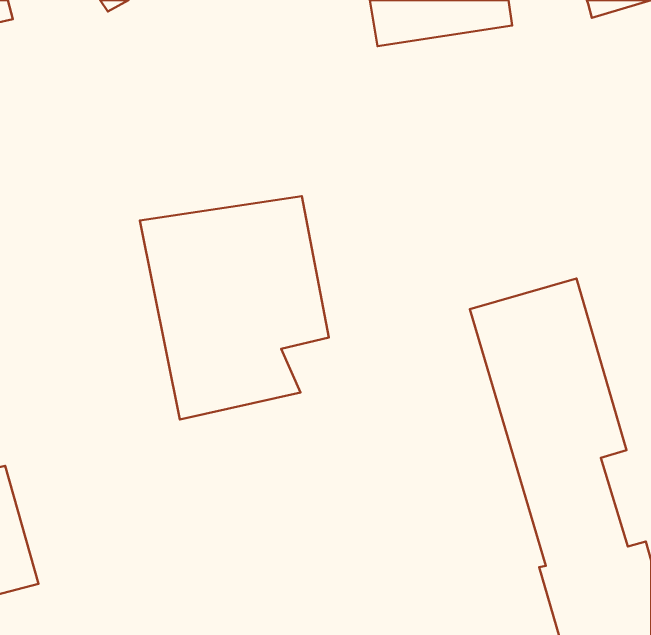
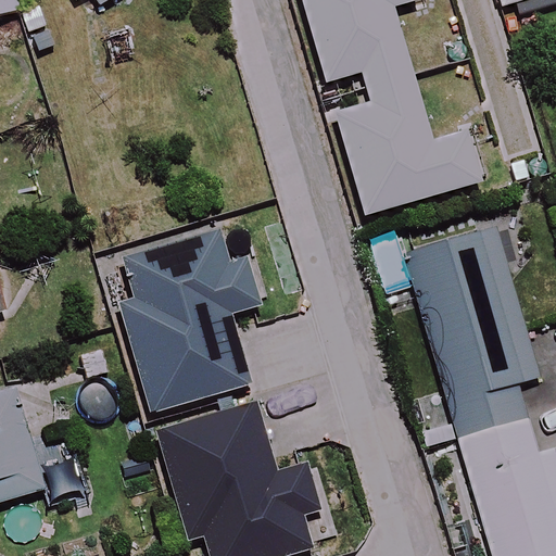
building: none -> [342,52,484,180]
building: none -> [155,362,319,546]

